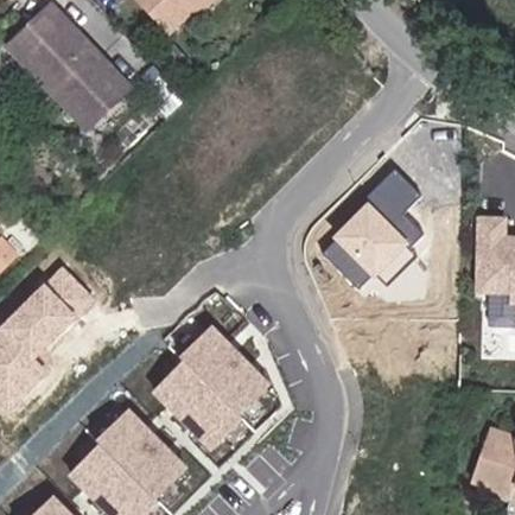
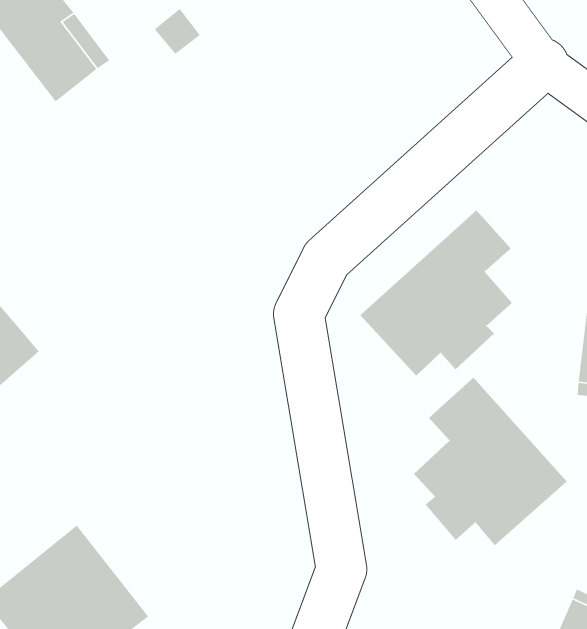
building: none -> [413,377,568,546]
building: [154,331,273,450] -> none

